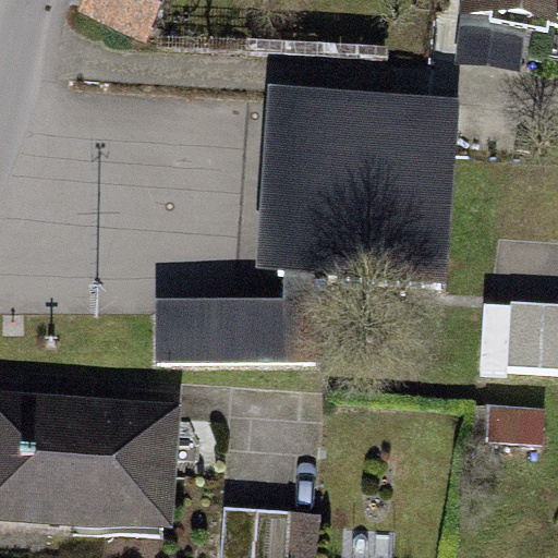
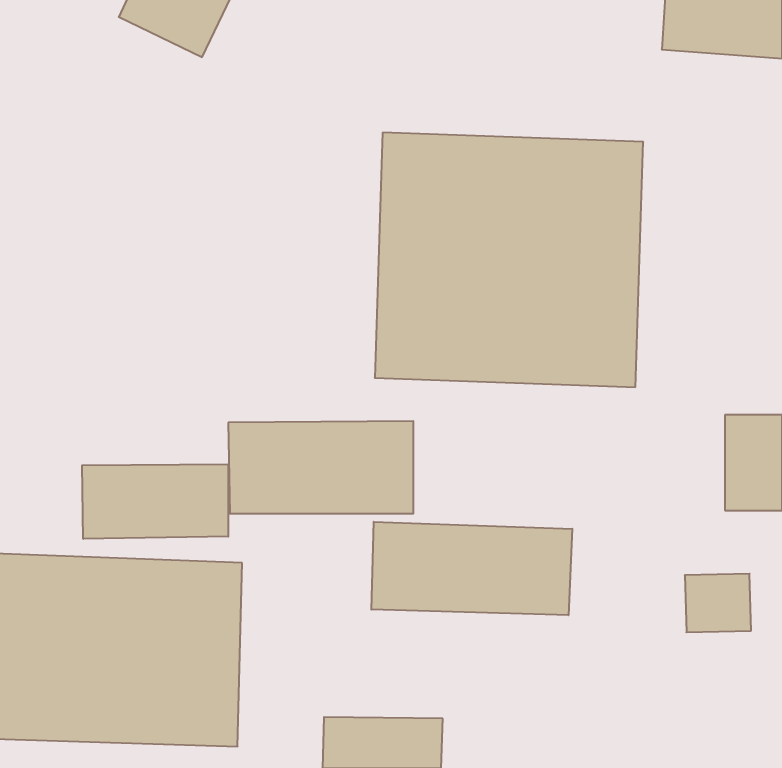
building: none -> [82,464,228,539]
building: none -> [371,522,572,615]

